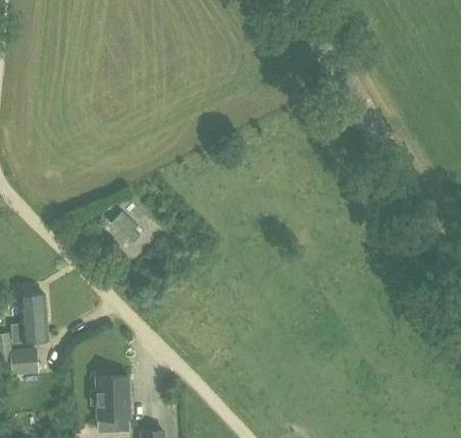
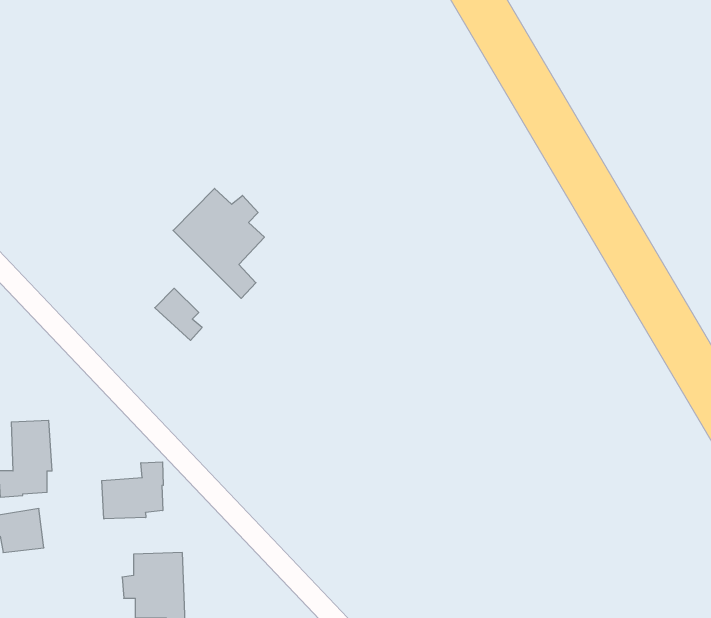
building: none -> [173,188,264,298]
building: none -> [102,462,163,519]

